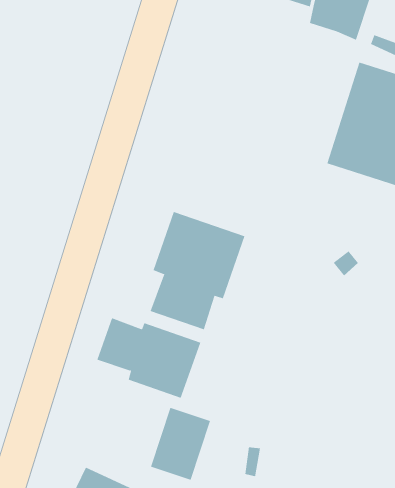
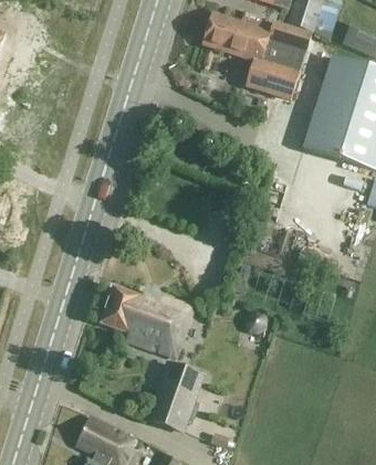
building: none -> [202,12,312,94]
building: [150,211,245,330] -> none

